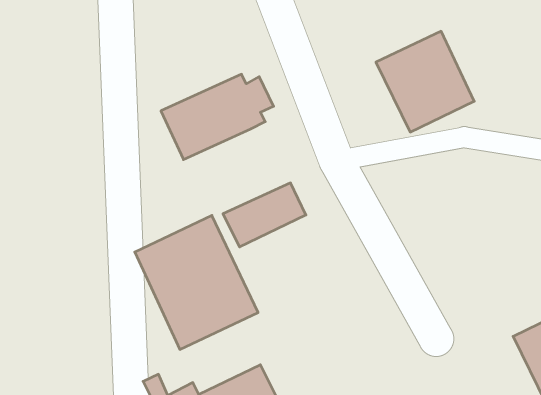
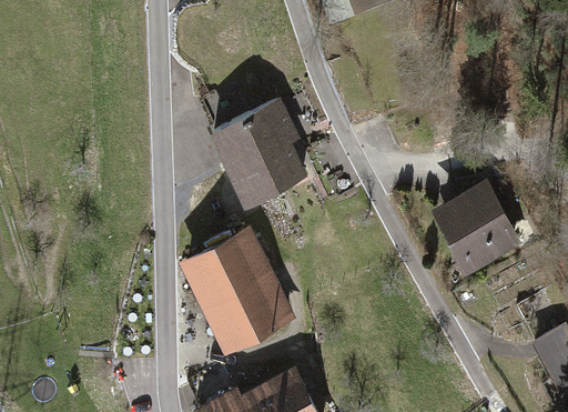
building: [376,31,474,132] -> [430,181,523,275]
building: [223,183,306,247] -> [226,147,304,207]

